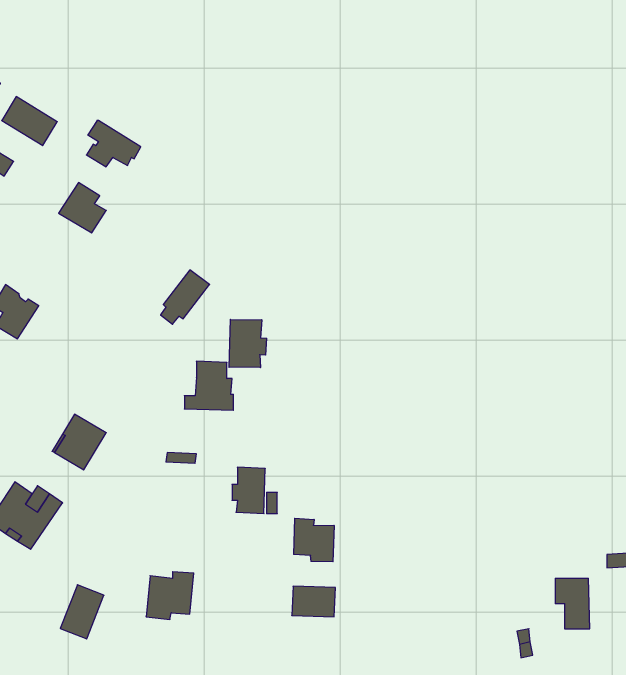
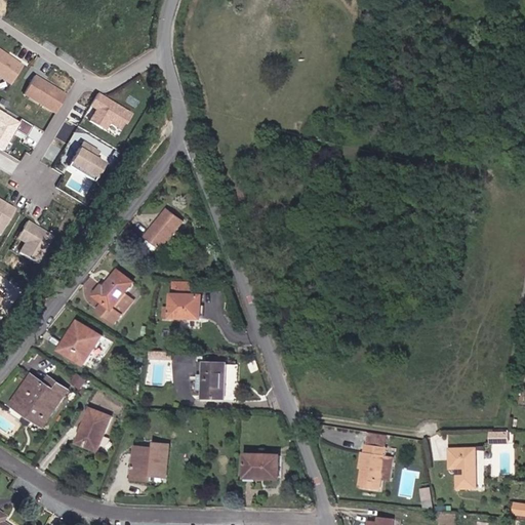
building: [229,319,267,368] -> none
building: none -> [93,270,131,323]
building: [294,518,334,562] -> none
building: none -> [357,443,392,489]
building: [60,585,104,639] -> [75,408,109,450]

